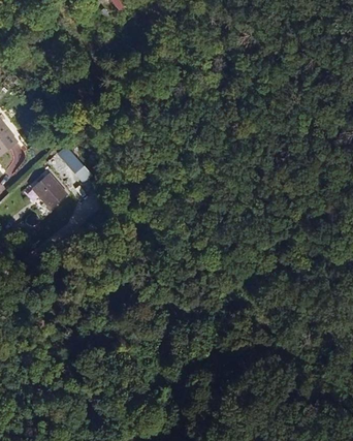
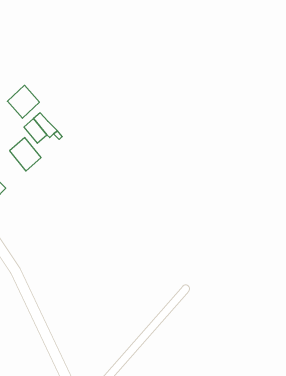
building: none -> [7,85,39,118]

